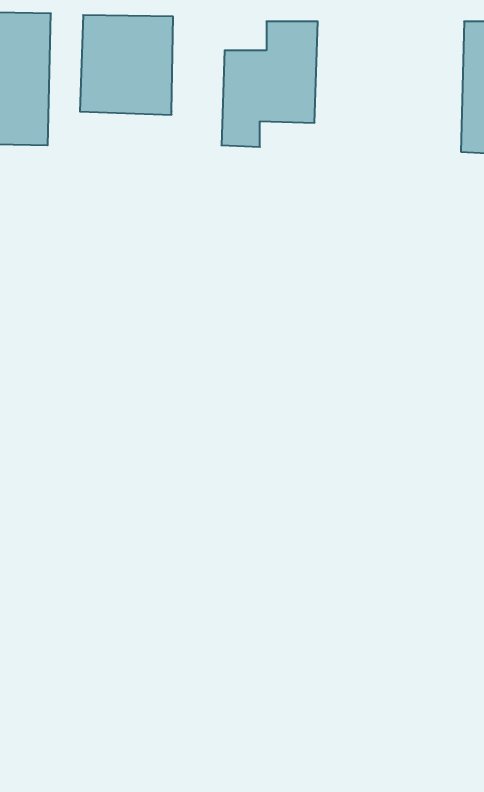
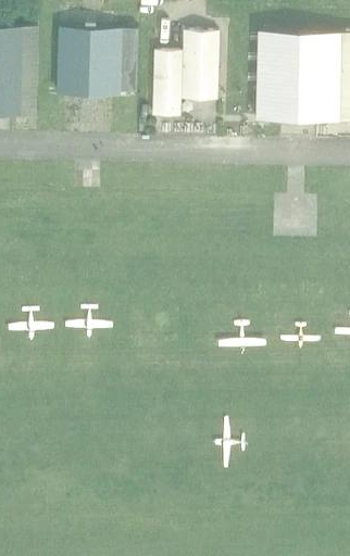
building: none -> [118,30,137,94]
building: none -> [255,33,316,122]

